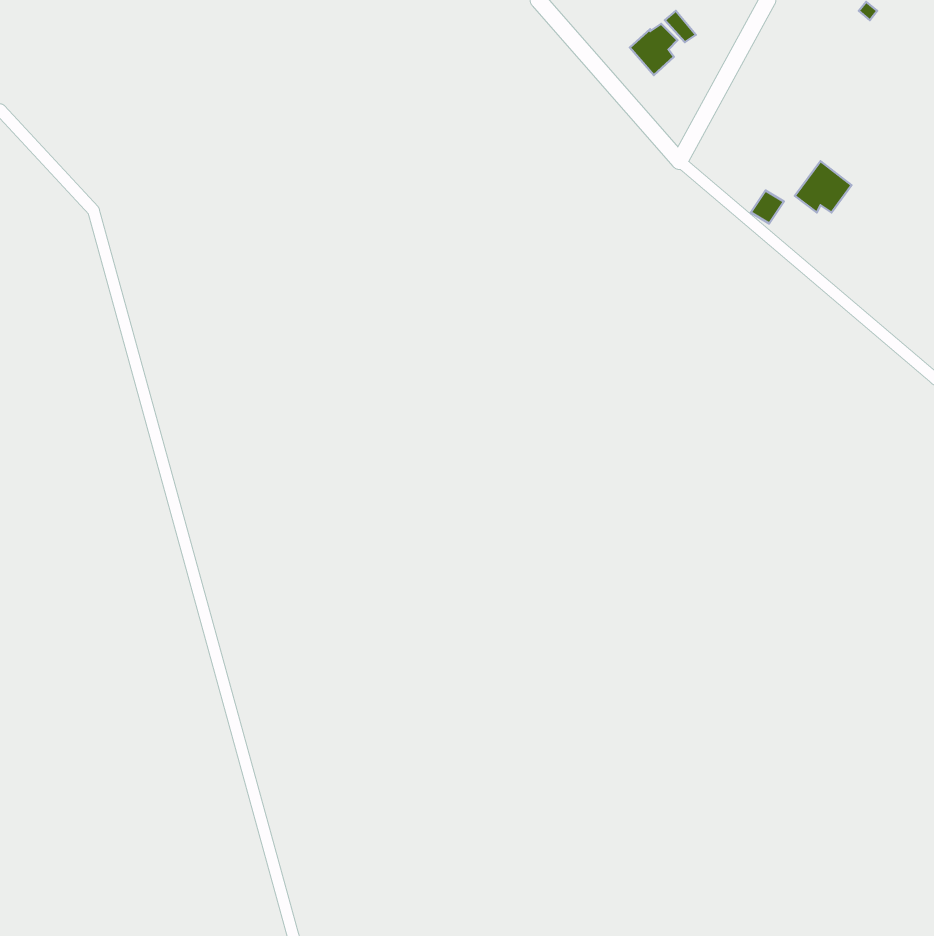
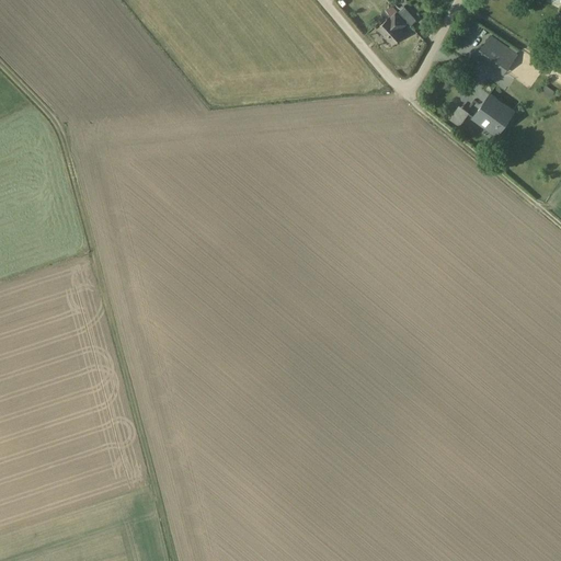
building: none -> [479,36,517,72]

